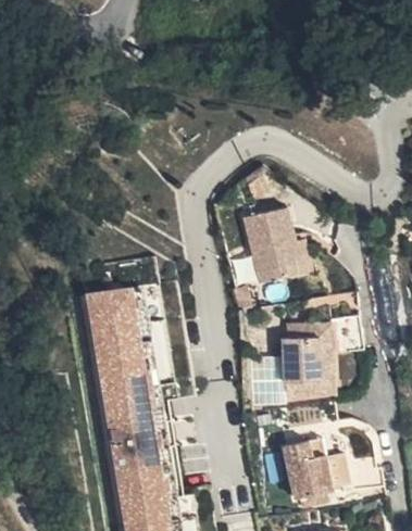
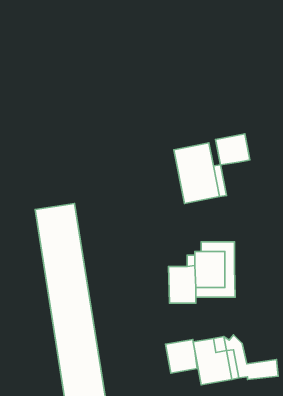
building: none -> [215,134,250,165]
building: [330,318,369,358] -> none
building: none -> [166,339,197,373]

